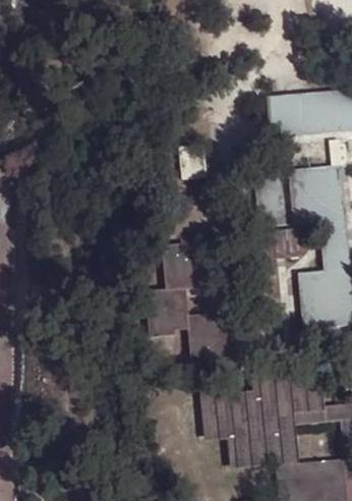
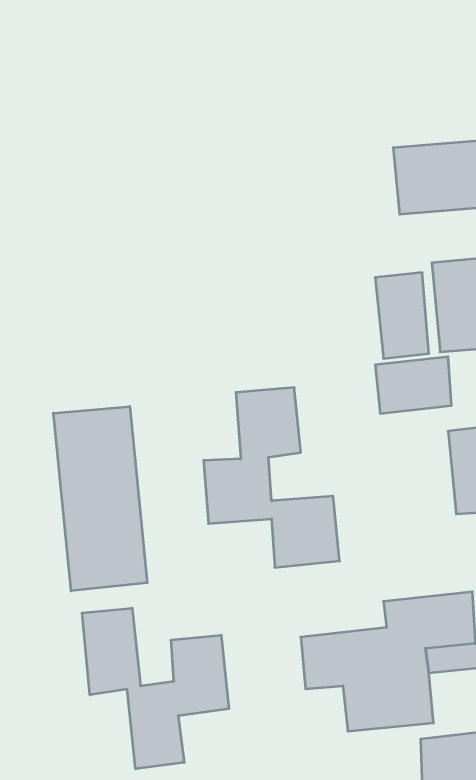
building: none -> [53,406,147,591]
building: none -> [82,608,229,769]

